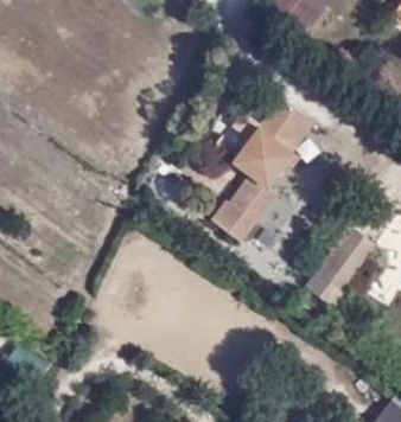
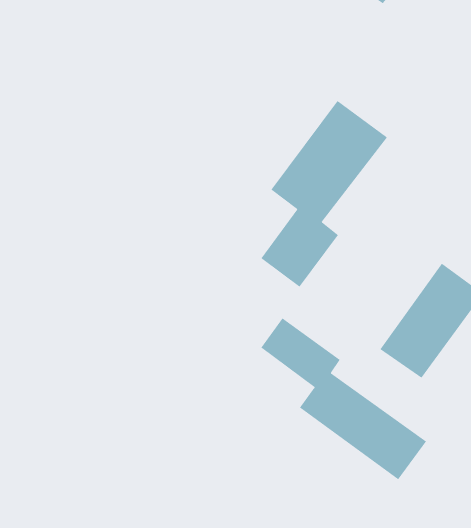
building: none -> [260,317,427,480]

